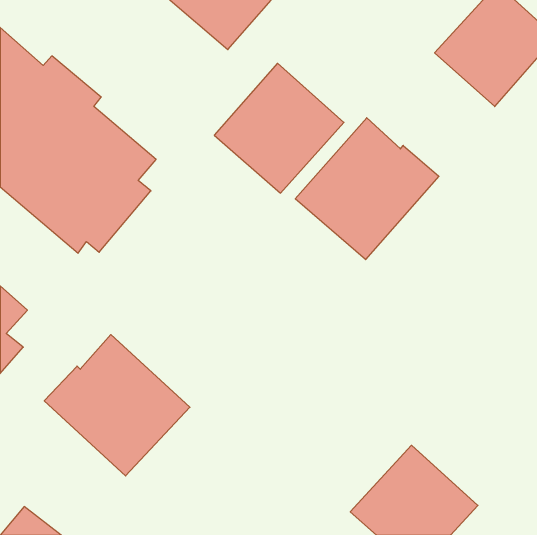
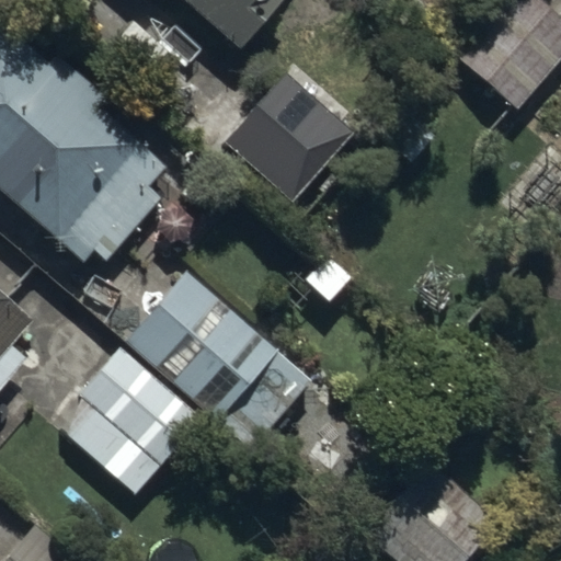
building: [295,118,439,260] -> none
building: none -> [123,271,310,450]

